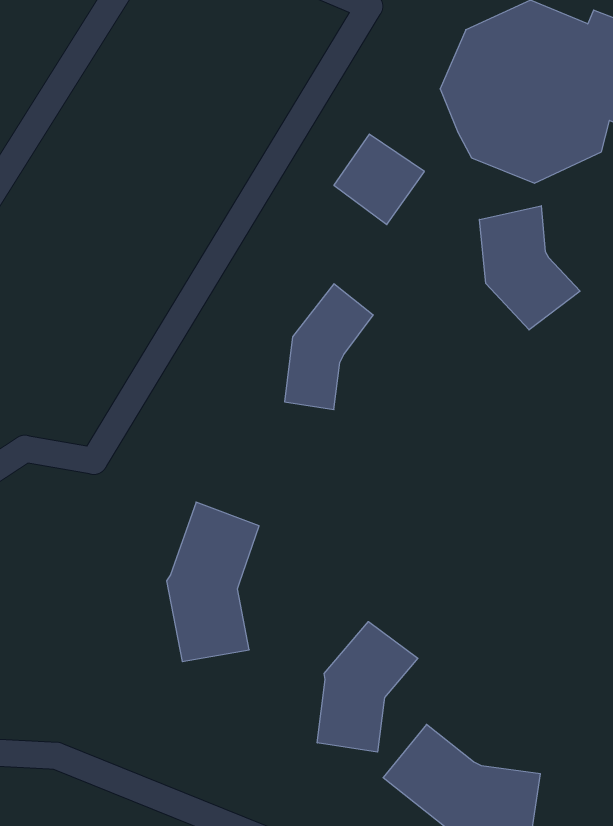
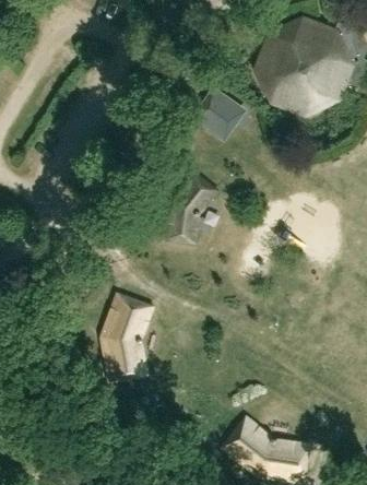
building: [479,206,580,330] -> none
building: [317,622,418,752] -> none

